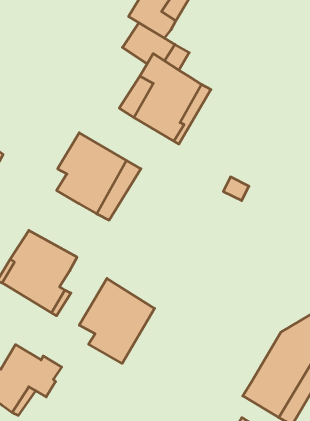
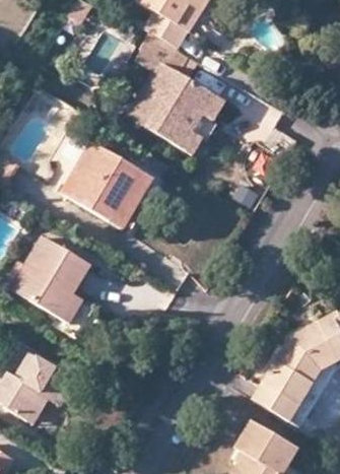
building: [79,278,155,363] -> none

